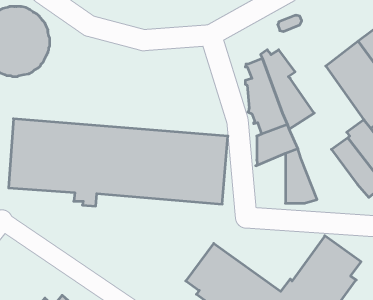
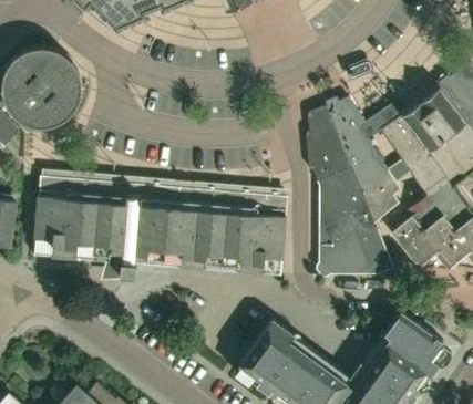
building: none -> [381,115,444,191]
building: none -> [358,169,400,221]
building: none -> [319,216,353,273]
building: none -> [391,216,436,266]

